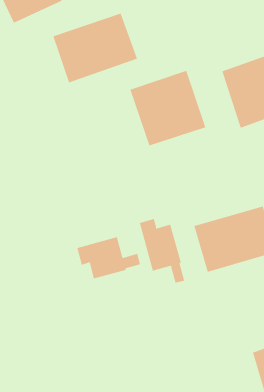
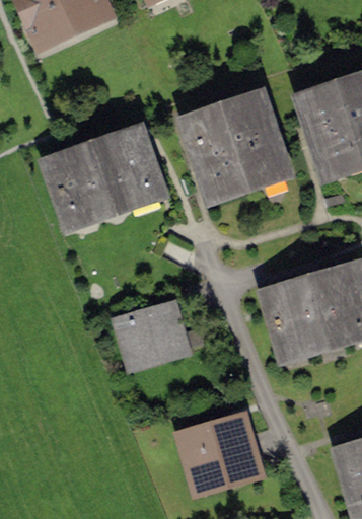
building: [52,13,138,83] -> [51,136,158,224]
building: [139,218,185,284] -> none
building: none -> [184,421,256,480]

